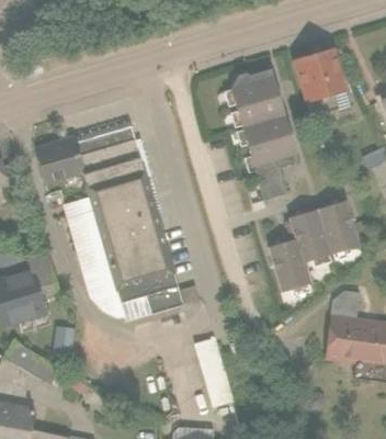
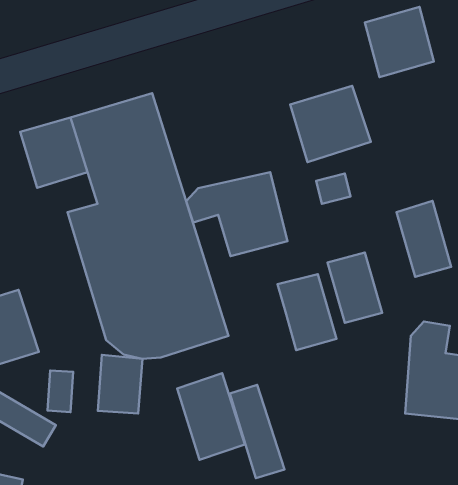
building: [225,65,285,123] -> none
building: none -> [186,172,287,256]
building: [288,205,333,263] -> [278,274,336,350]
building: none -> [98,355,142,414]
building: none -> [177,373,245,460]

